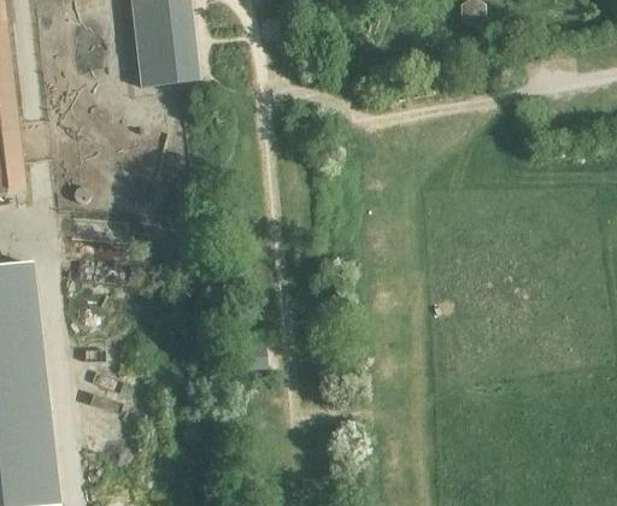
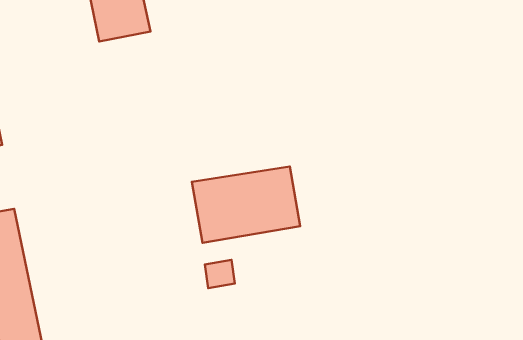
building: none -> [192,167,300,243]

